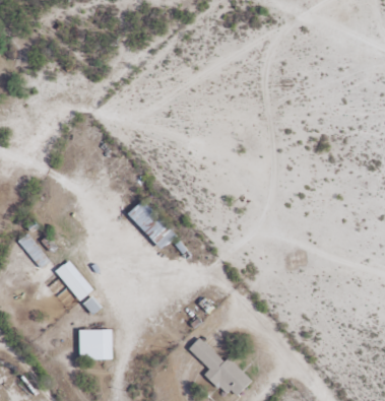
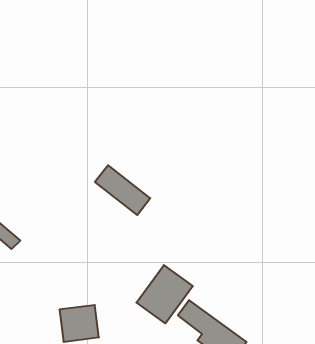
building: [55,259,93,300] -> none
building: none -> [136,265,193,323]

